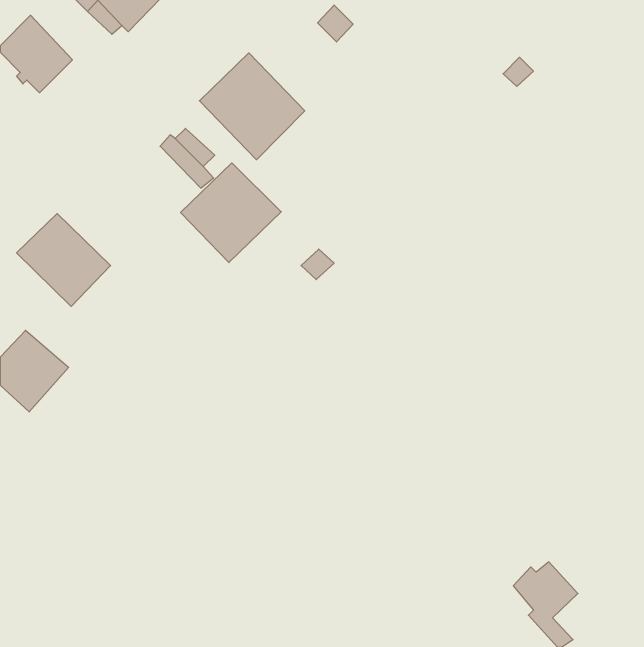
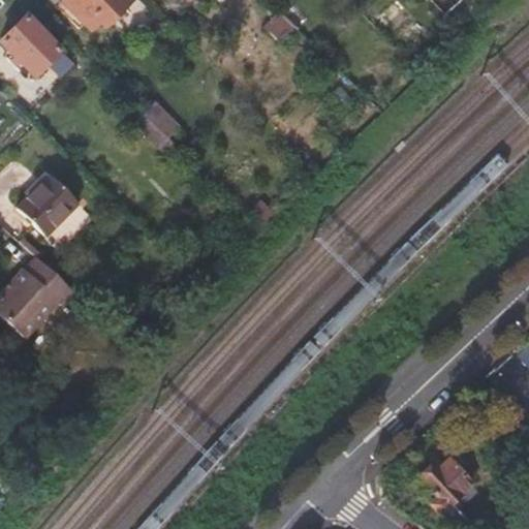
building: [199,53,305,160] -> none
building: [181,163,281,263] -> none

